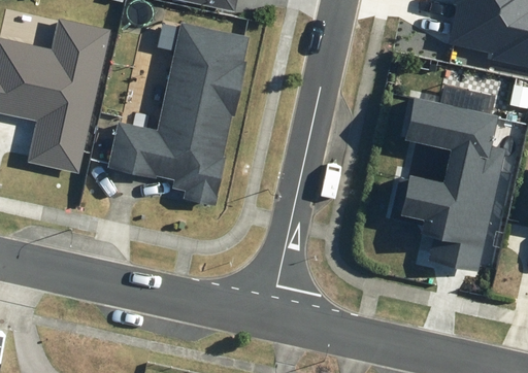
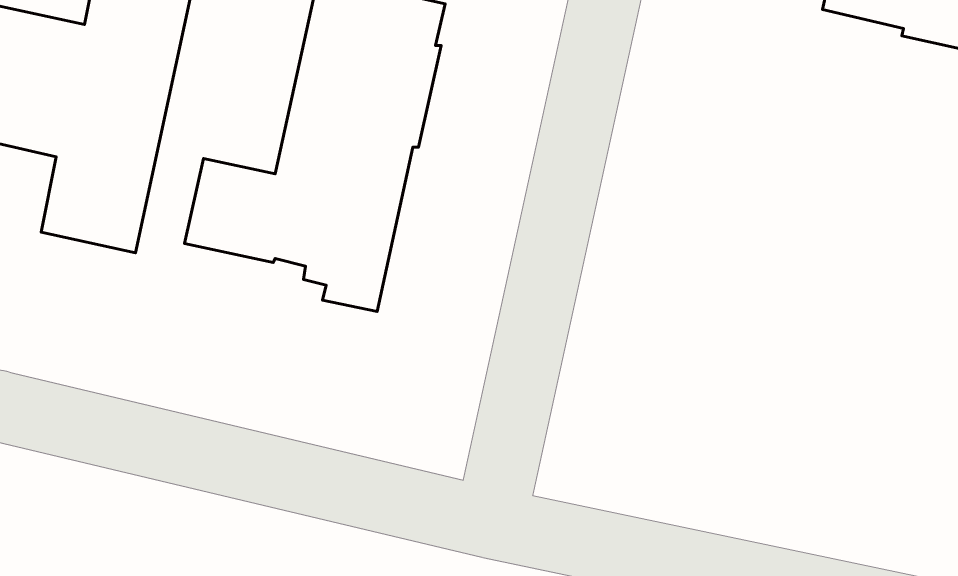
building: [402,95,507,268] -> none

